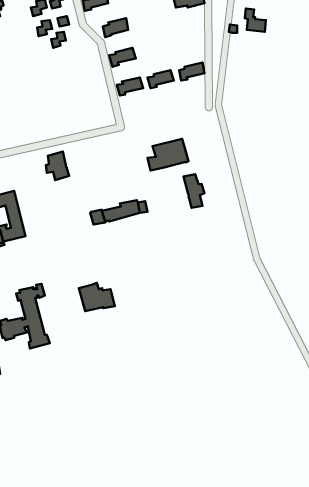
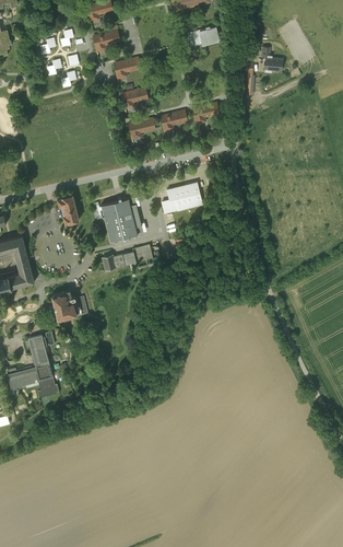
building: none -> [99,198,137,242]
building: [184,174,204,208] -> none
building: [79,283,115,311] -> [50,290,87,319]

